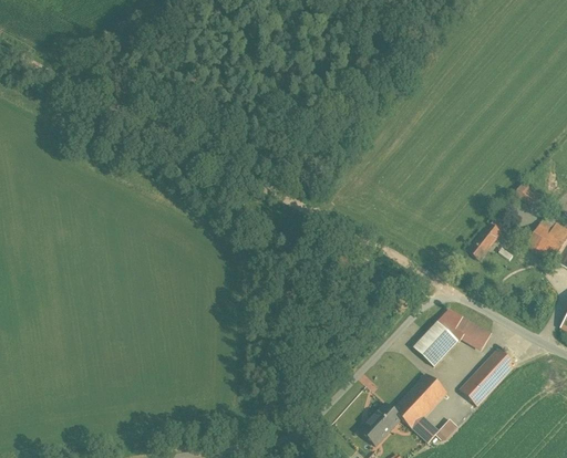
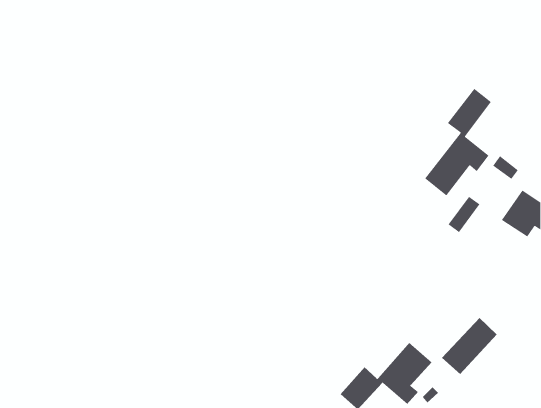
building: none -> [424,88,492,197]
building: [416,313,491,365] -> none

